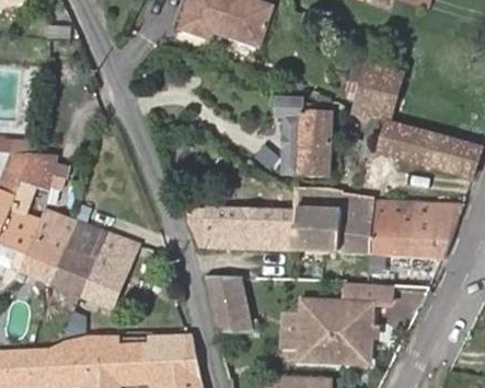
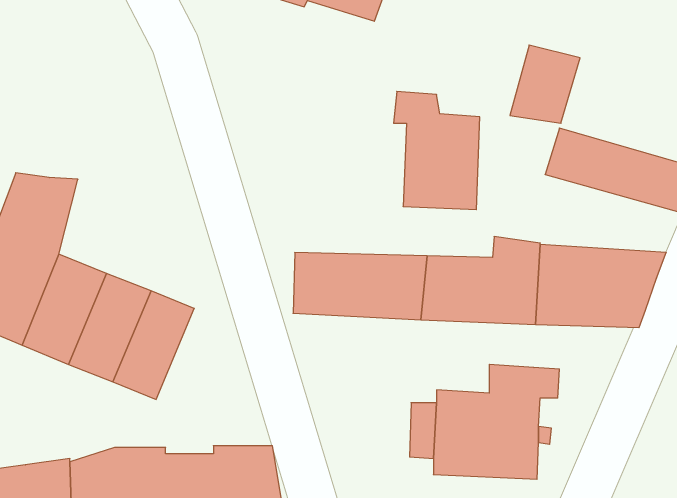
building: [200,275,253,334] -> none

